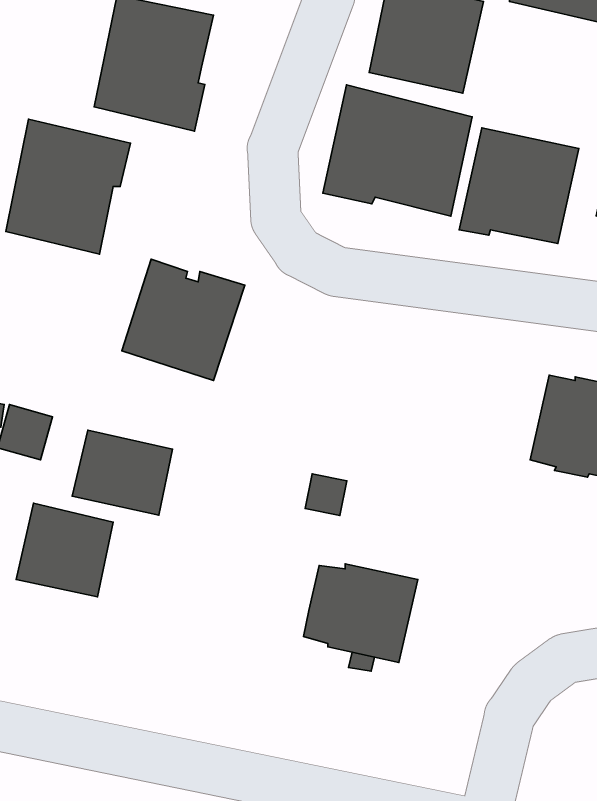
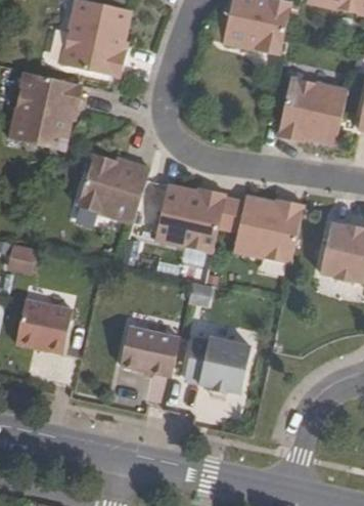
building: [323,85,472,216] -> none
building: none -> [153,188,224,257]
building: none -> [233,196,304,264]
building: [72,430,173,515] -> [121,326,180,376]

